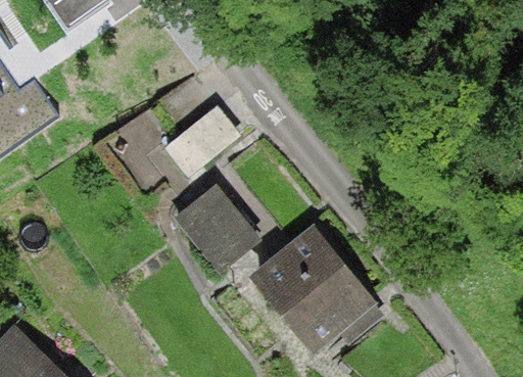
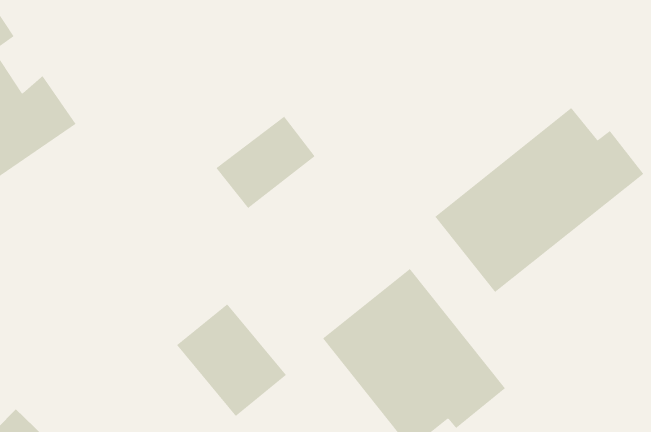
building: none -> [435,107,644,293]
building: [178,186,262,272] -> [176,303,287,417]

